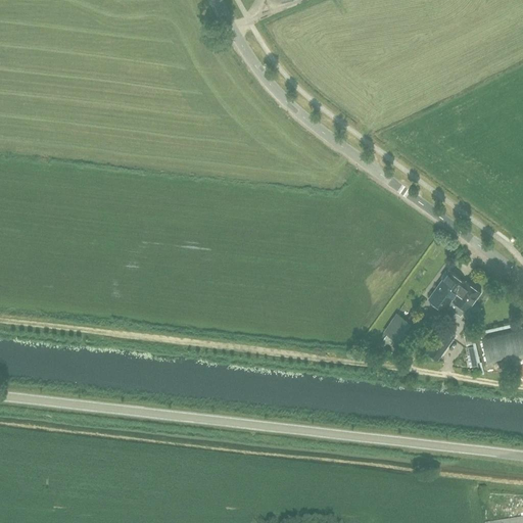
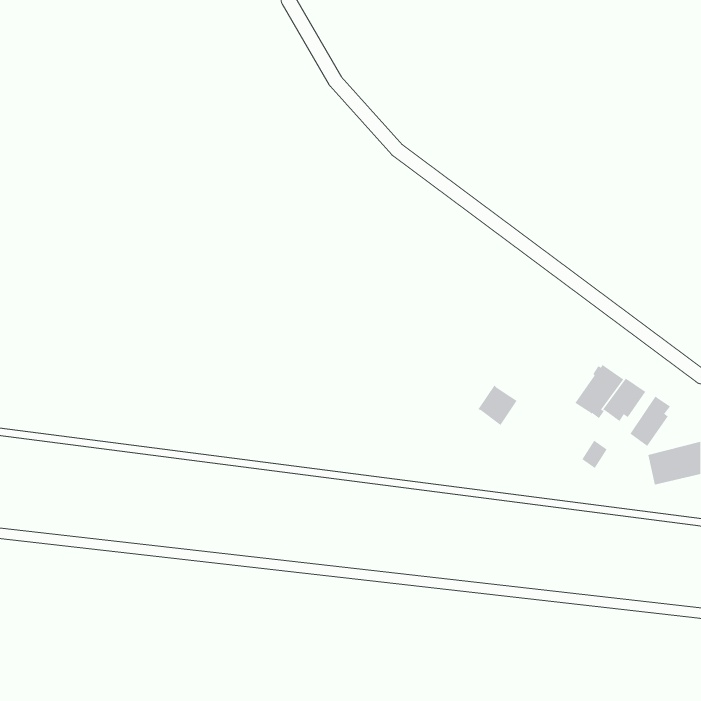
building: none -> [630,395,671,447]
building: [383,314,413,344] -> [478,385,517,426]

